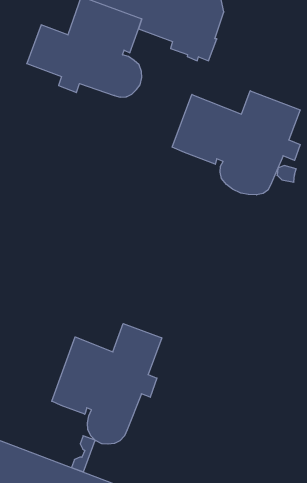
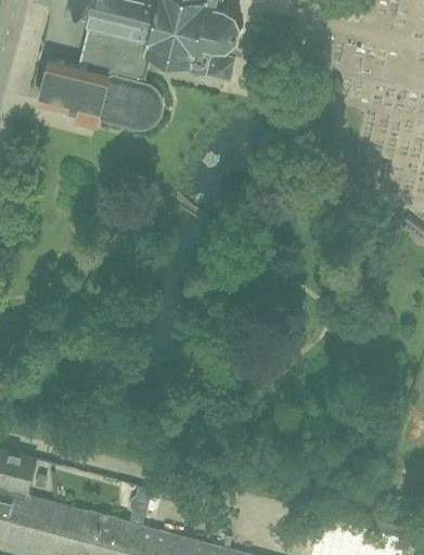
building: [172,91,300,195] -> none
building: [52,324,162,444] -> none

